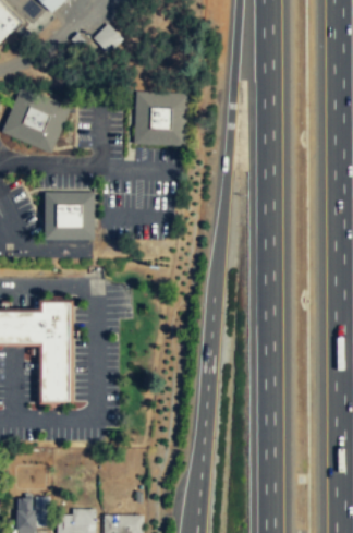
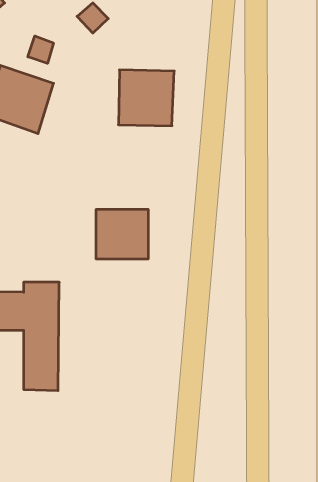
building: none -> [28,36,53,63]
building: [44,192,95,240] -> [96,210,148,259]

